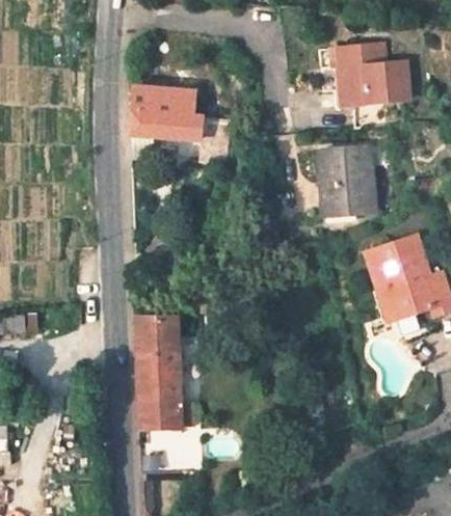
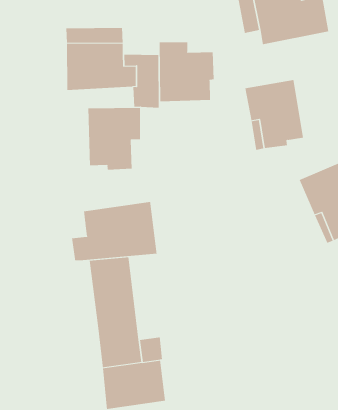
building: none -> [159,41,214,102]
building: none -> [88,107,141,170]
building: none -> [72,201,157,261]

